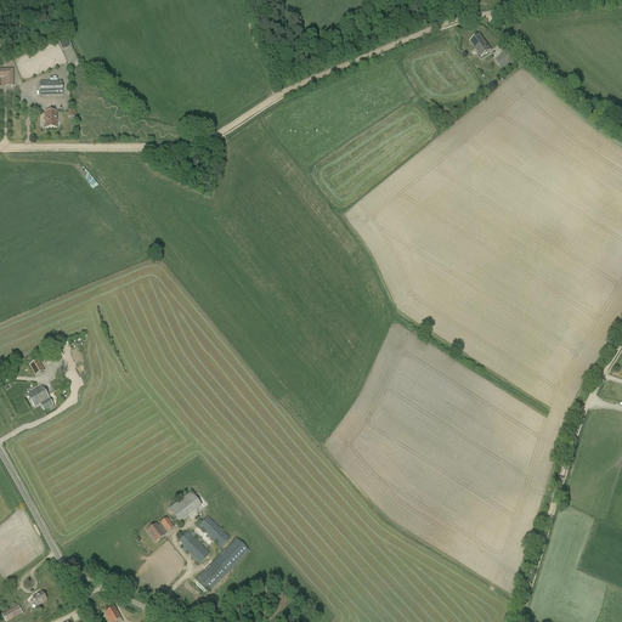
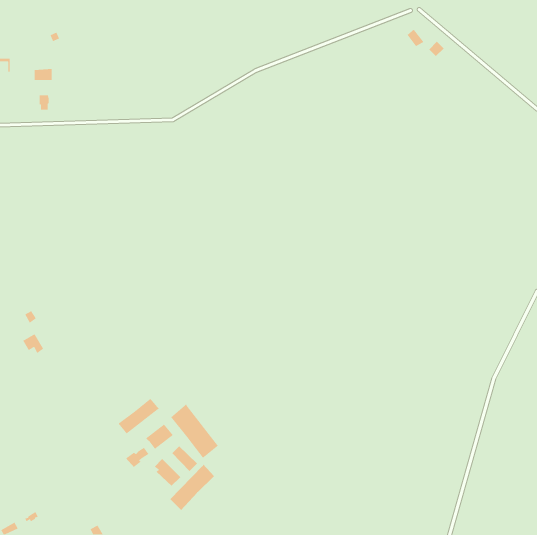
building: none -> [118,398,160,435]
building: none -> [170,403,219,459]

